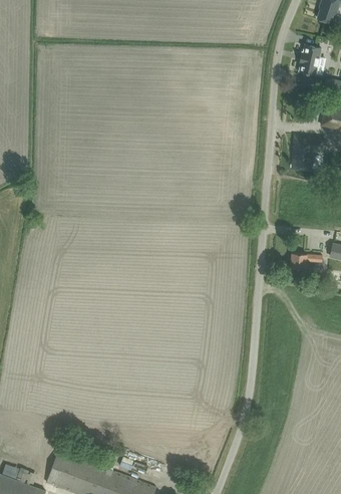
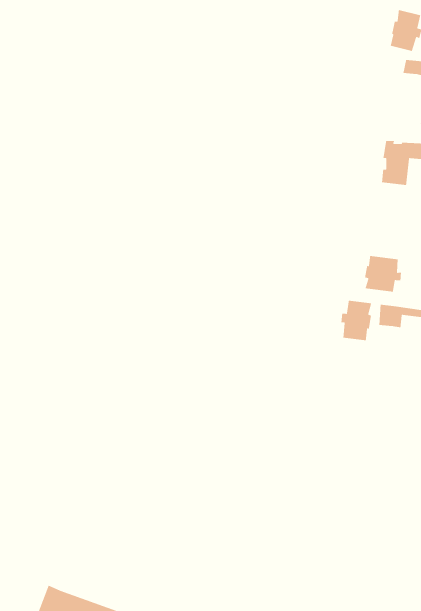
building: none -> [364,255,402,292]
building: none -> [341,300,372,341]

